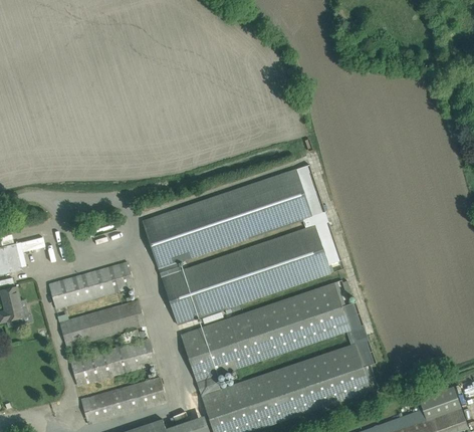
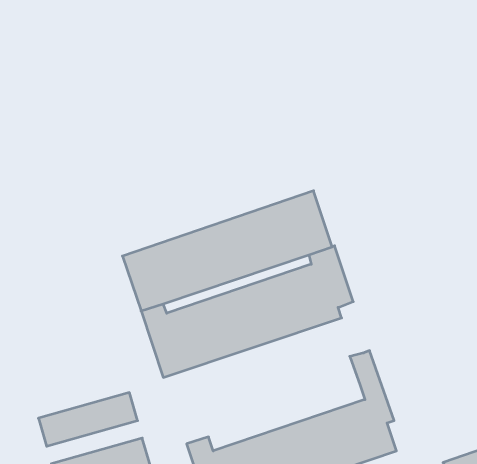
building: [47,261,133,308] -> none
building: [180,280,349,383] -> none
building: [58,300,144,347] -> none

